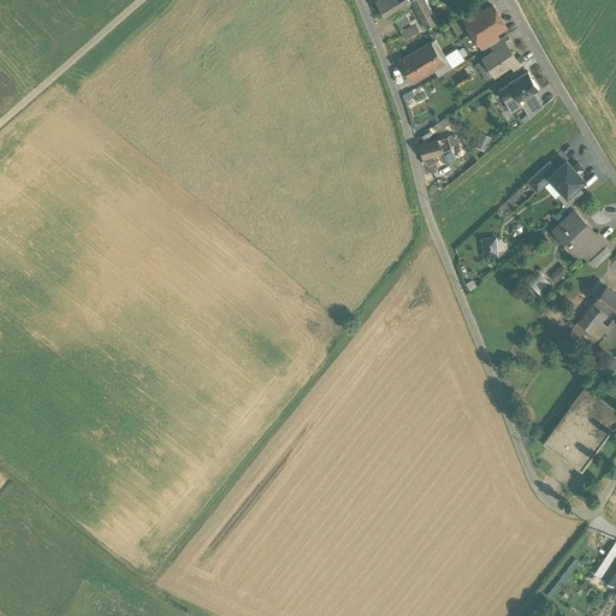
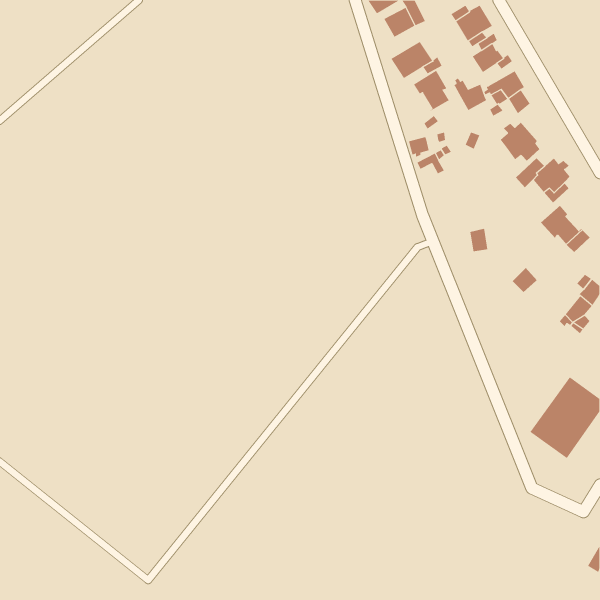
building: none -> [413,70,449,112]
building: none -> [454,77,487,111]
building: none -> [500,122,540,162]

